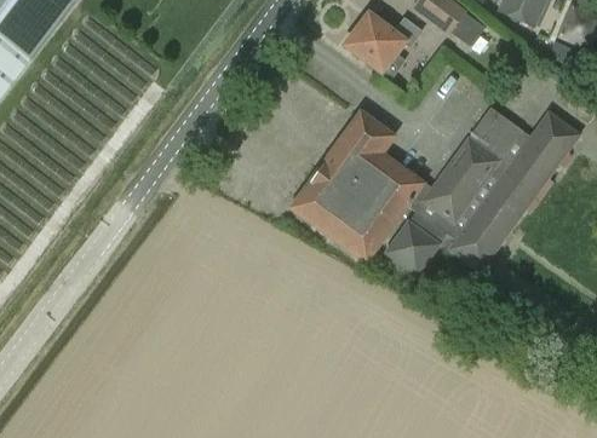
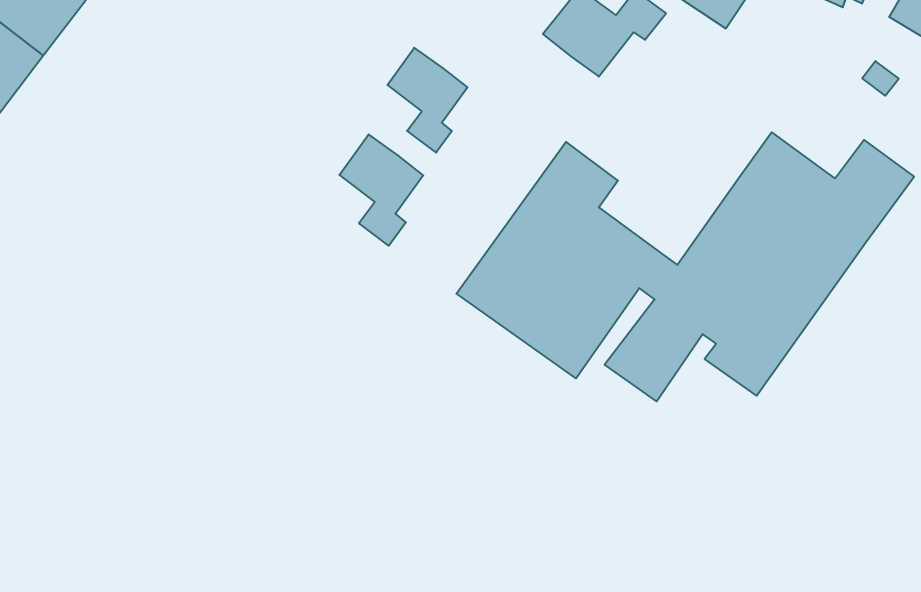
building: none -> [387,48,467,153]
building: none -> [339,134,423,246]

